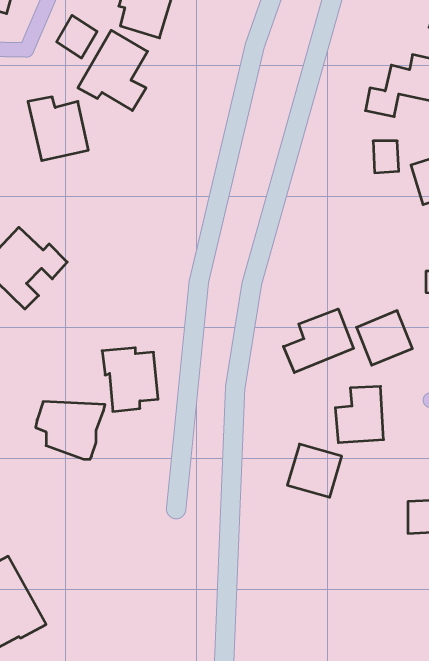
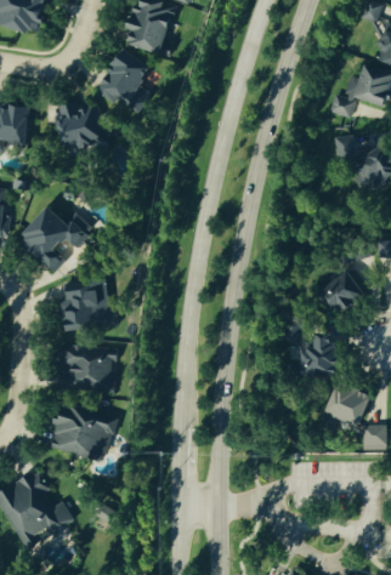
building: [57,15,97,58] -> none
building: [283,309,354,373] -> none
building: [102,348,158,411] -> [62,280,107,331]
building: [287,444,342,497] -> [325,382,369,425]
building: none -> [47,400,109,461]

